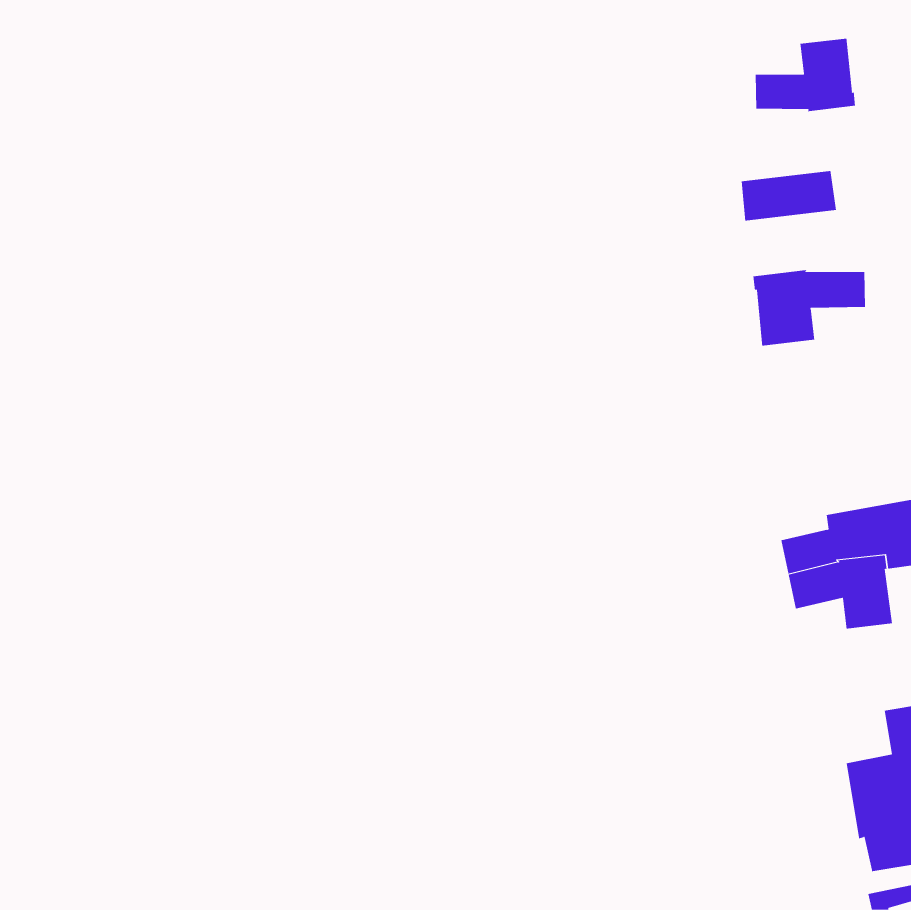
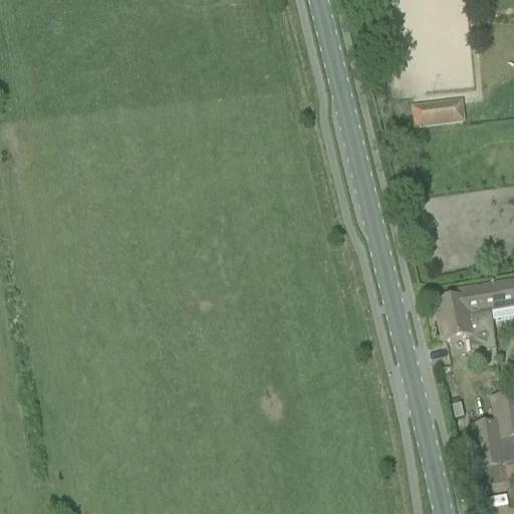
building: [755,38,856,112] -> none
building: [753,269,865,346] -> none

